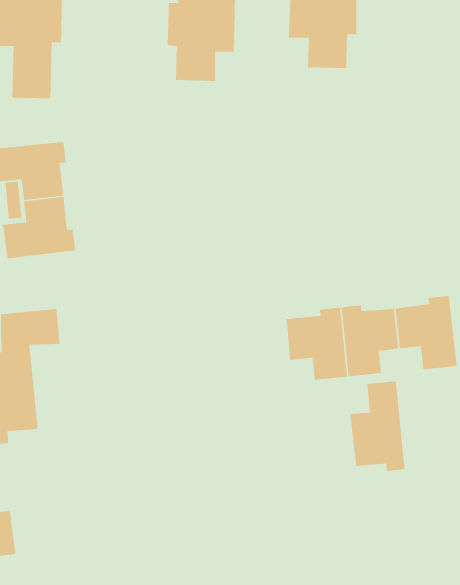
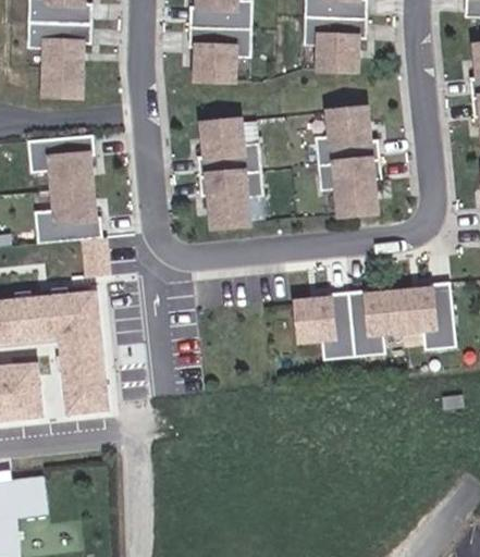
building: none -> [312,106,382,213]
building: none -> [197,119,266,226]
building: none -> [60,324,96,404]
building: [350,381,405,472] -> none

